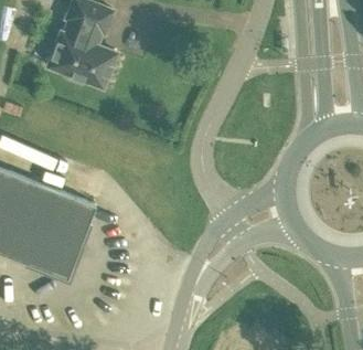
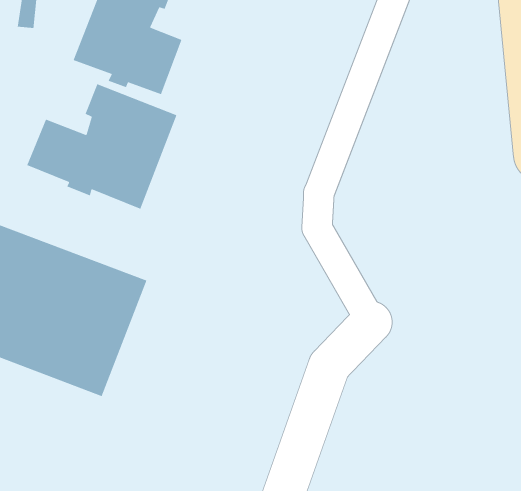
building: none -> [26,83,178,210]

